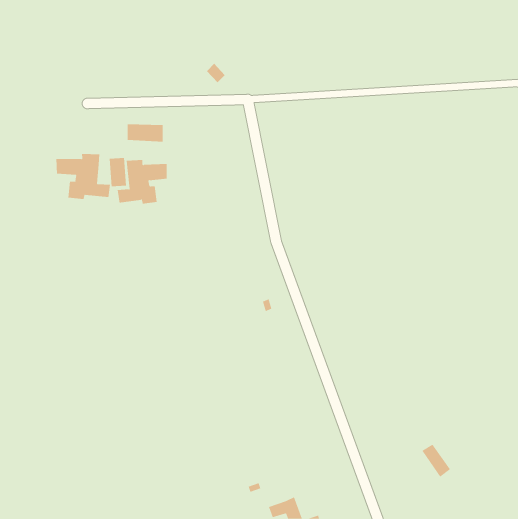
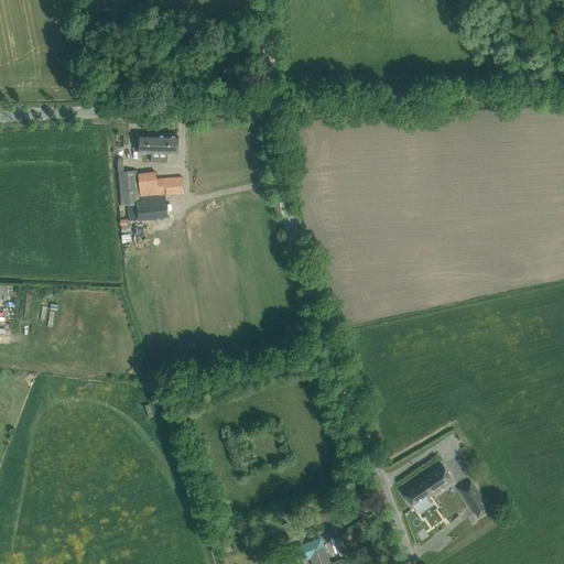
building: [56,153,111,200] -> none
building: none -> [401,465,453,508]

